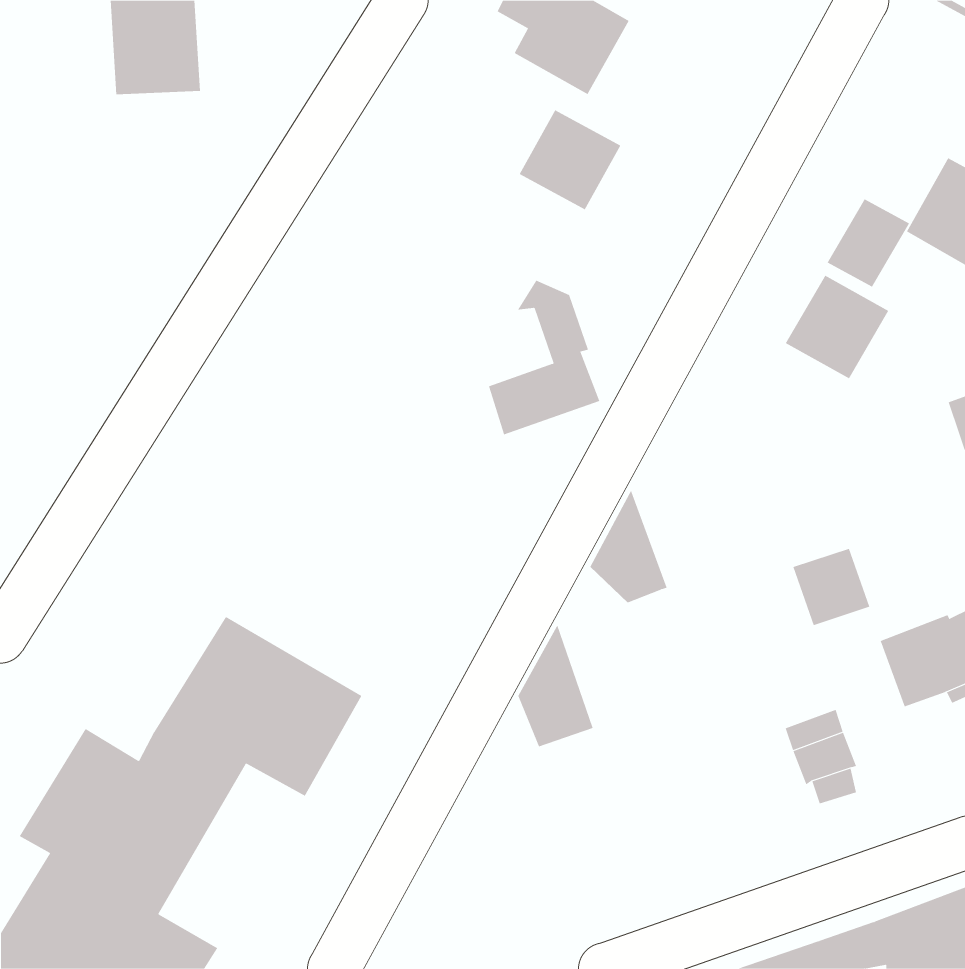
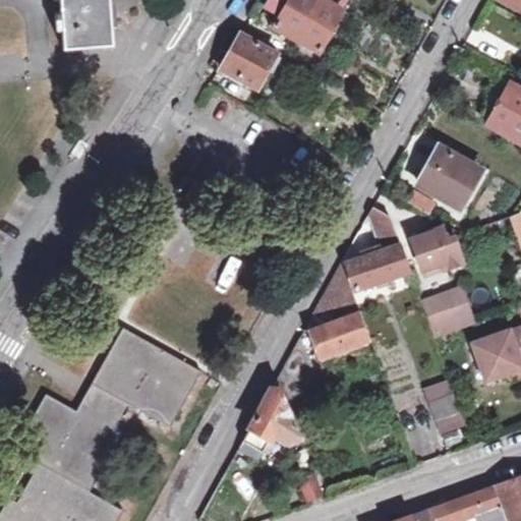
building: [519,110,621,210] -> [222,36,277,90]
building: [827,198,910,288] -> none
building: [488,280,600,435] -> [347,208,407,291]
building: none -> [413,229,465,271]
building: none -> [310,316,366,358]
building: none -> [242,382,298,452]

